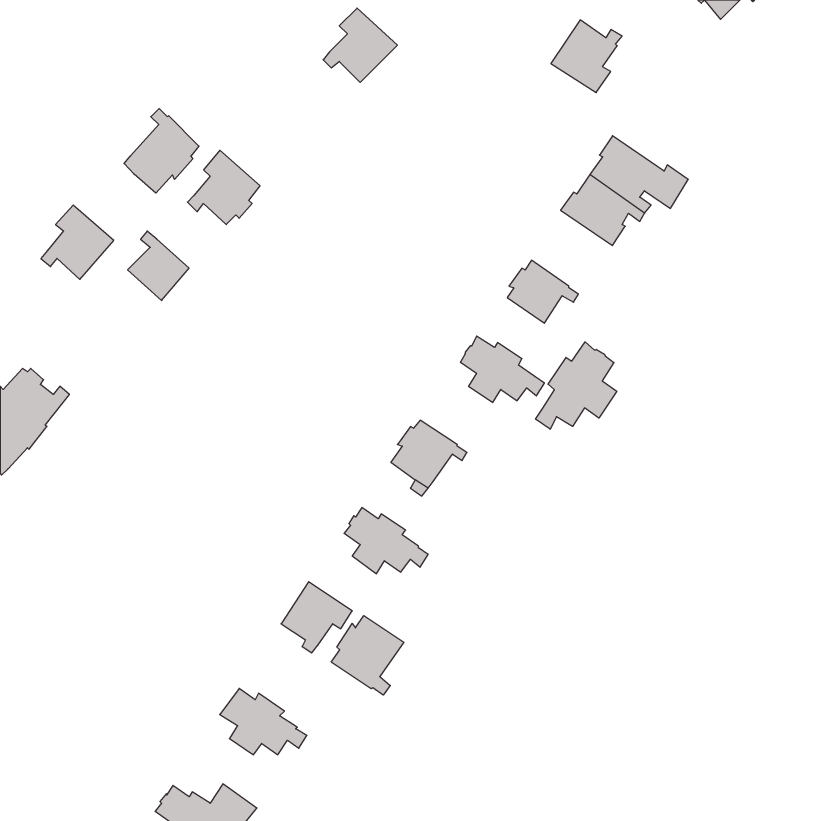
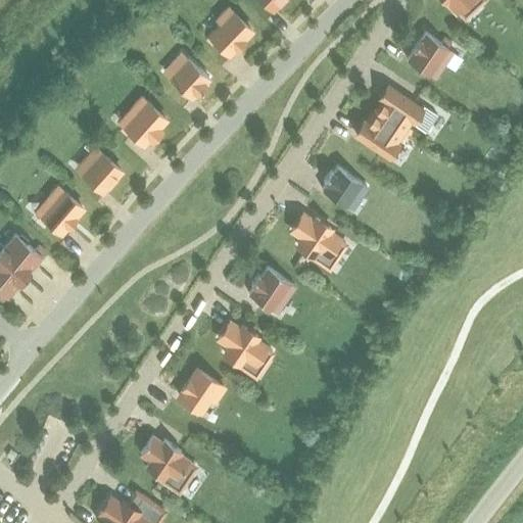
building: [551,20,622,93] -> [407,34,451,80]
building: none -> [169,55,209,99]
building: [124,109,199,193] -> none
building: [41,205,114,279] -> [37,188,83,235]
building: [536,342,617,429] -> none
building: [331,616,404,695] -> none

